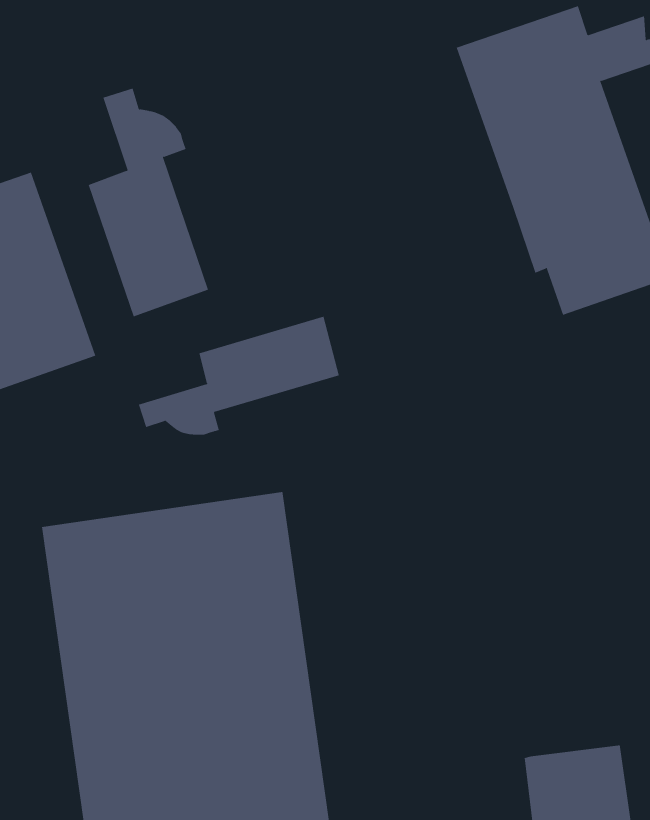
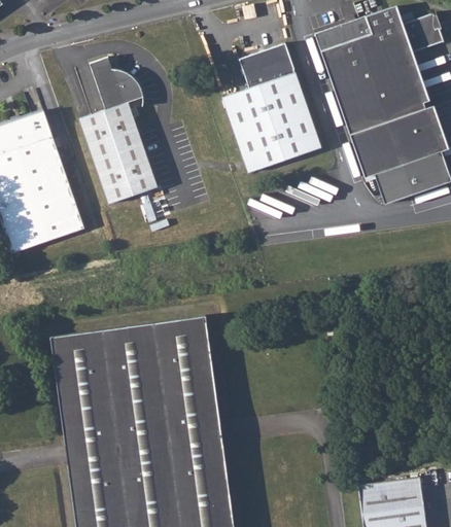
building: none -> [223,43,322,173]
building: [138,316,340,436] -> none

